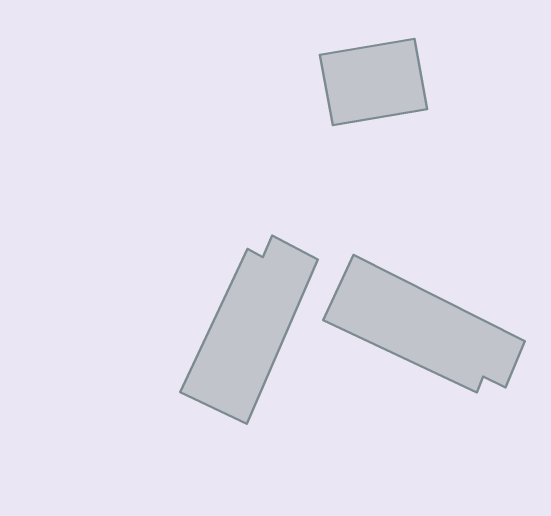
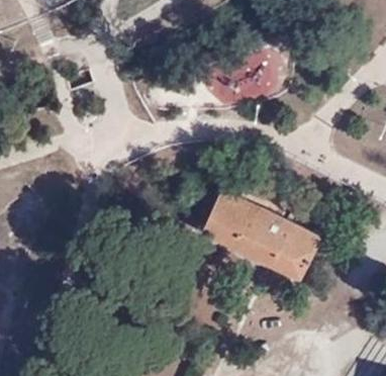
building: [180,236,318,424] -> none

